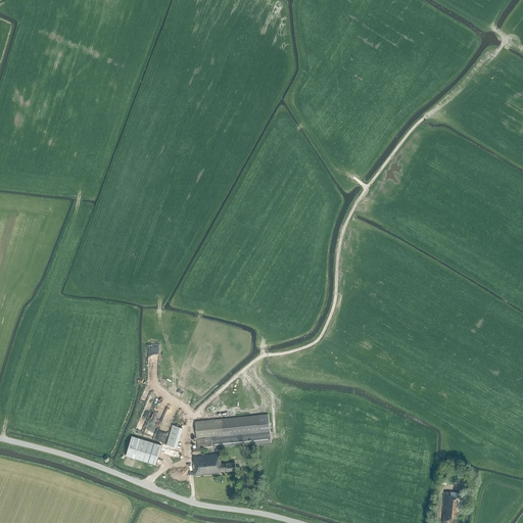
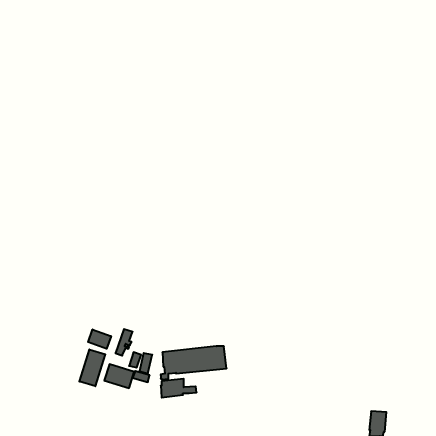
building: none -> [88,329,111,349]
building: none -> [79,349,105,386]

